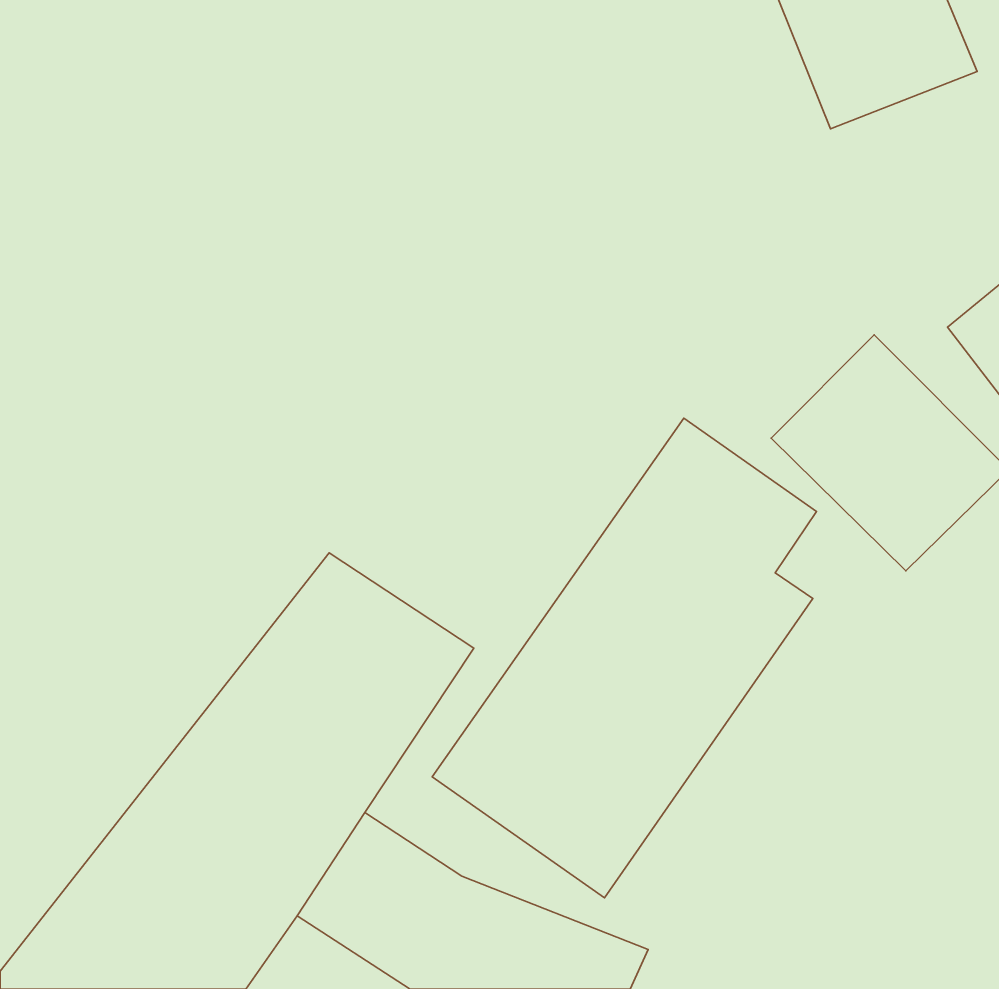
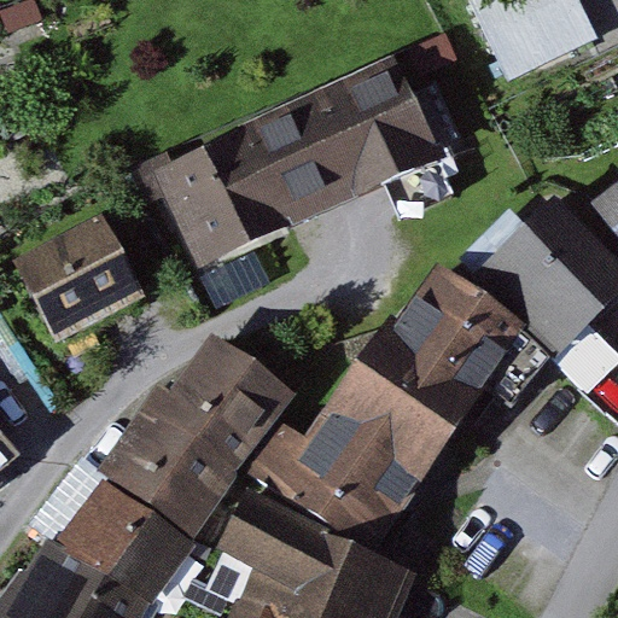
building: none -> [167,59,441,263]
building: none -> [13,214,140,336]

